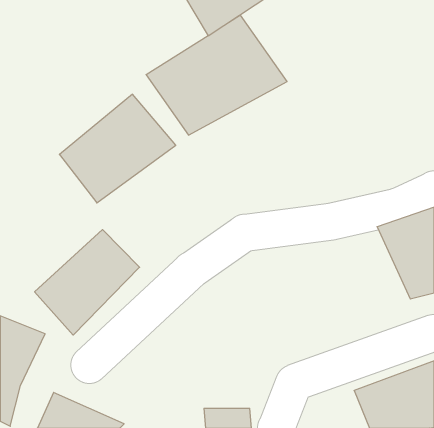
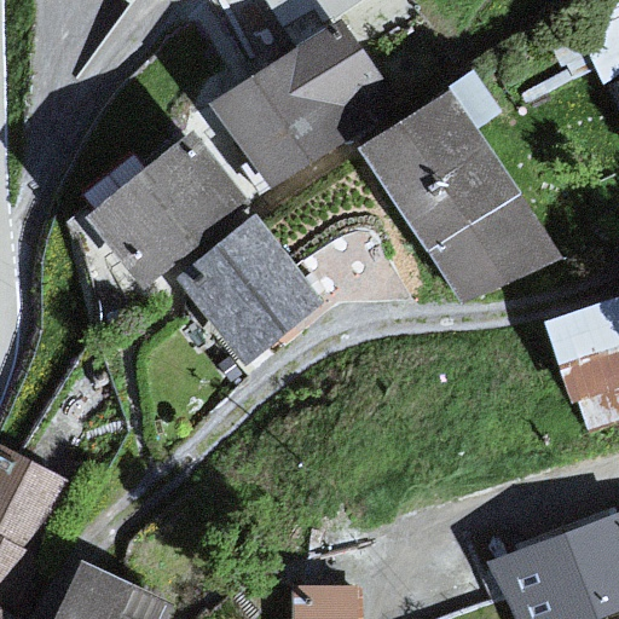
building: none -> [357,93,565,302]
building: none -> [181,216,323,364]
building: [35,230,140,335] -> none

